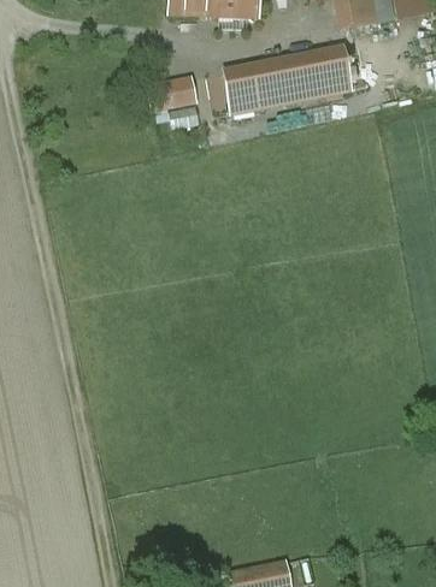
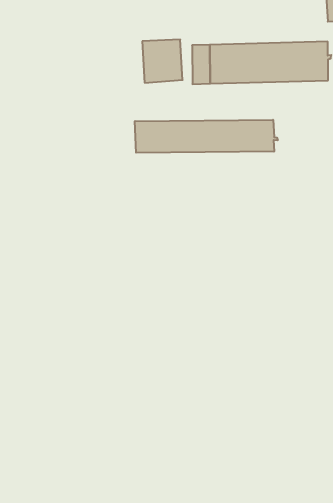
building: none -> [135,120,278,153]

